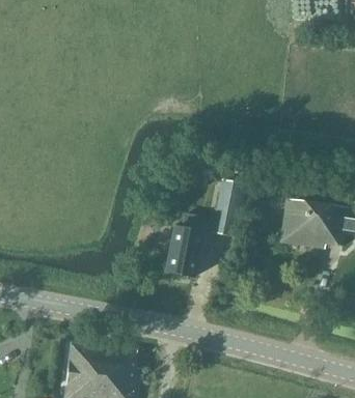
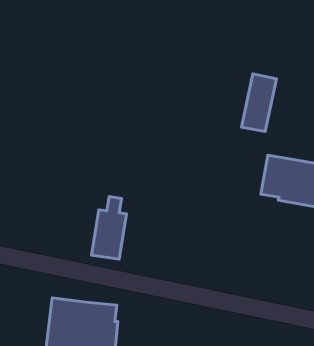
building: [212,178,247,236] -> [242,74,277,131]
building: [161,215,196,278] -> [92,196,126,259]

